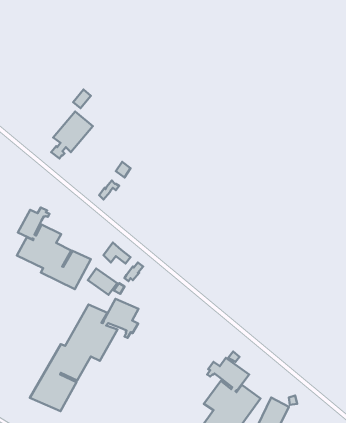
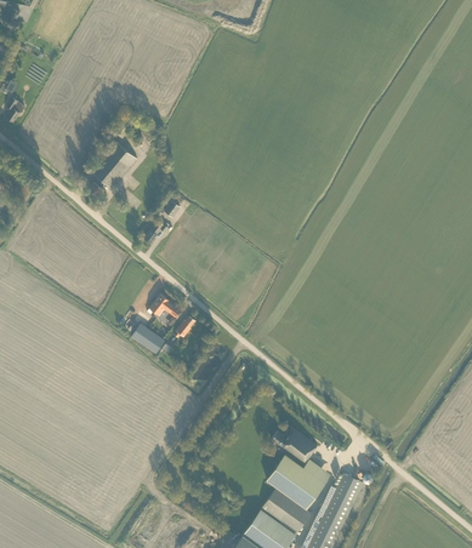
building: [17,207,91,289] -> none
building: [30,299,139,411] -> none

